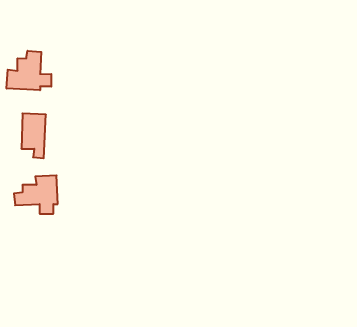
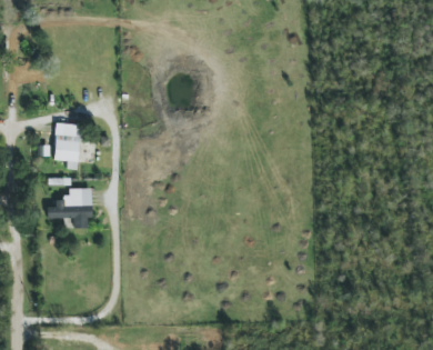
building: [7,51,51,90] -> none

